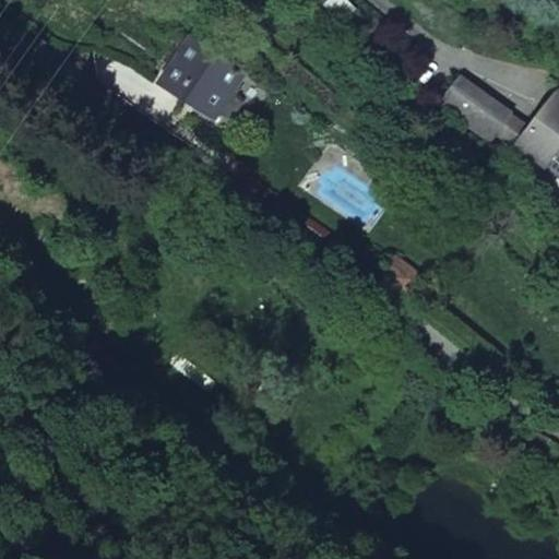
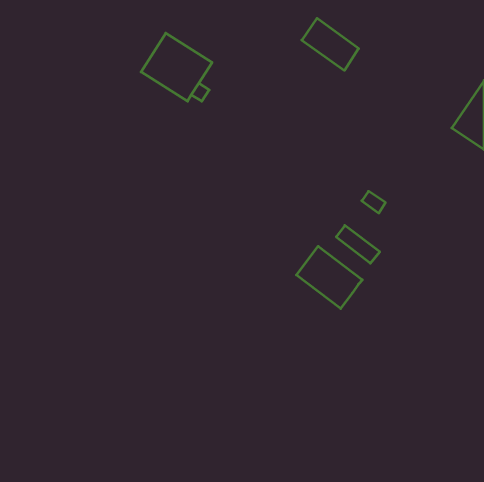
building: [447,79,512,139] -> [302,18,359,70]
building: none -> [296,246,362,309]

